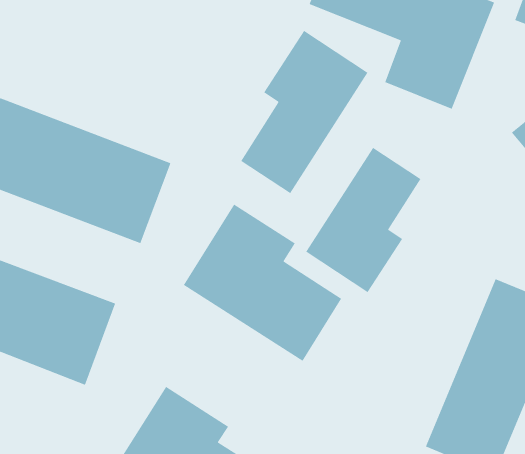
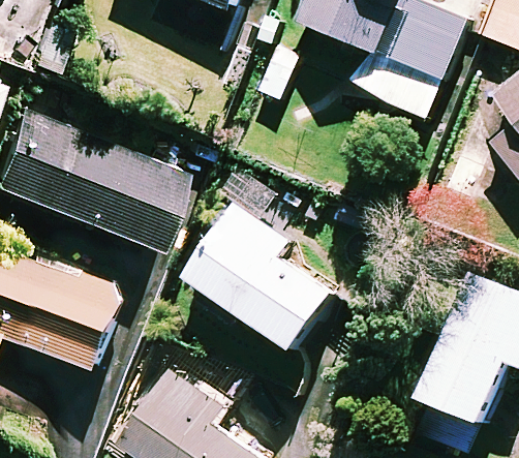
building: [240,30,369,194] -> none
building: [305,147,421,293] -> none

